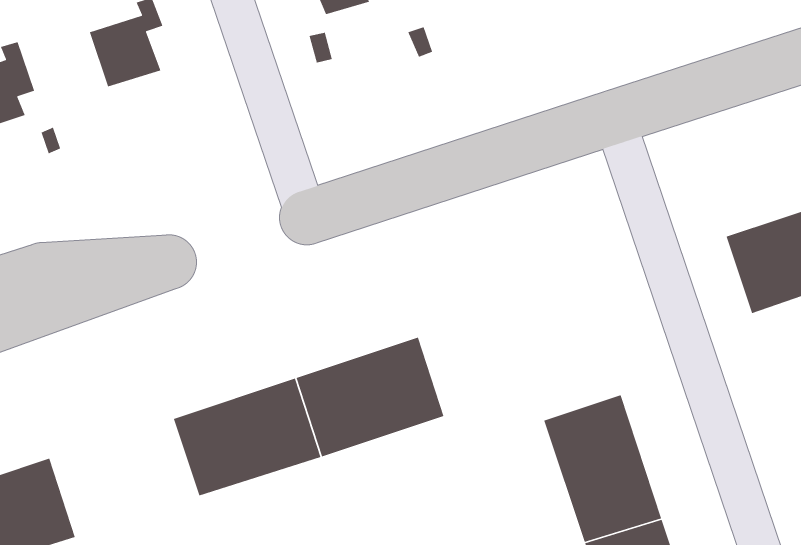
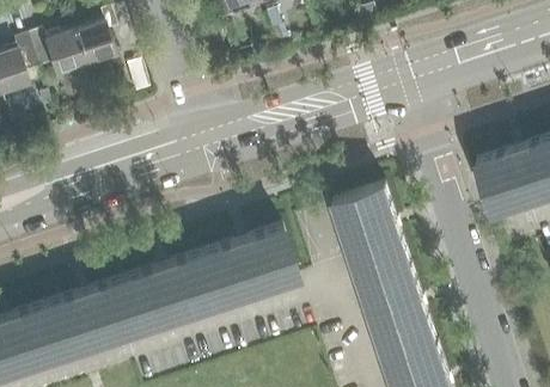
building: none -> [20,33,78,78]
building: none -> [331,188,408,283]
building: none -> [41,282,136,358]

